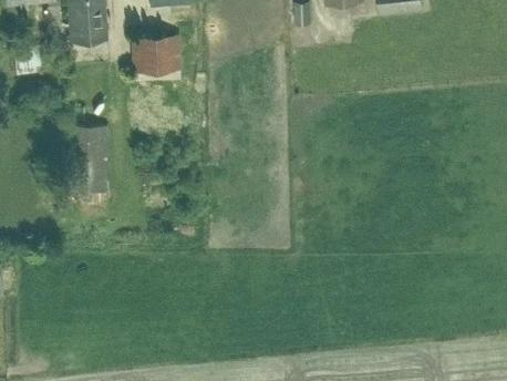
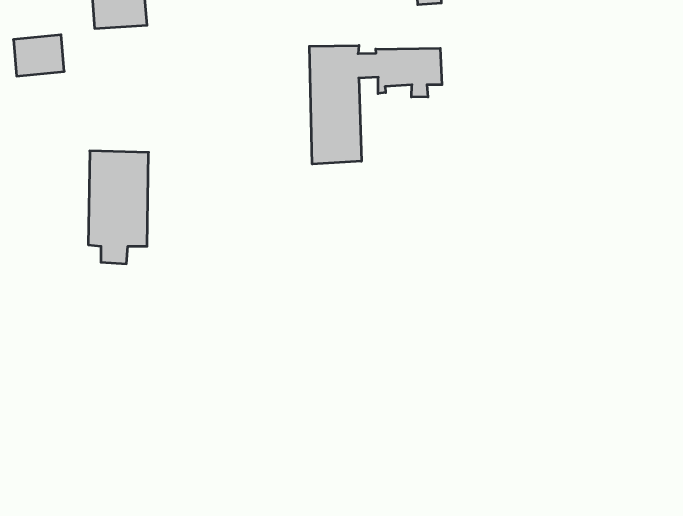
building: [133,34,180,71] -> none
building: none -> [309,45,442,164]

